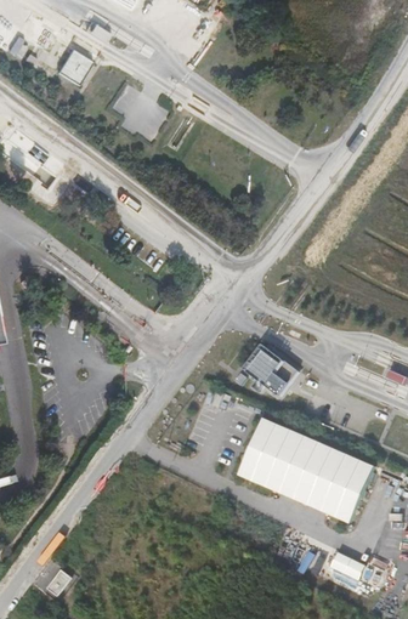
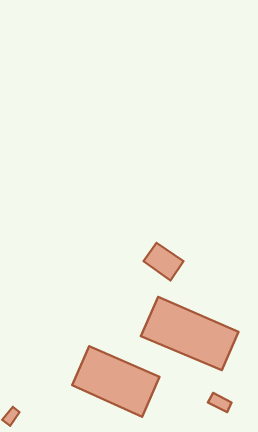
building: [57,47,92,84] -> none
building: none -> [72,346,159,417]

